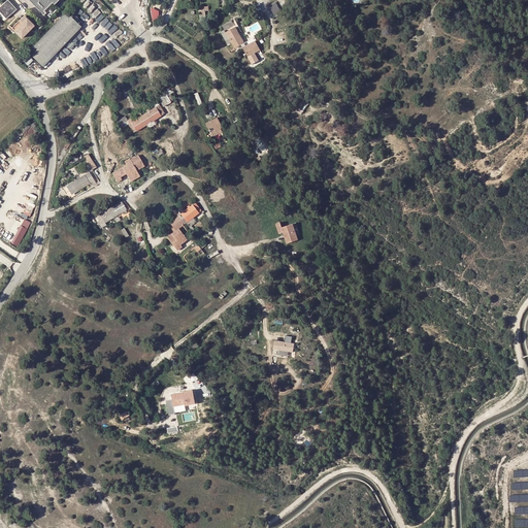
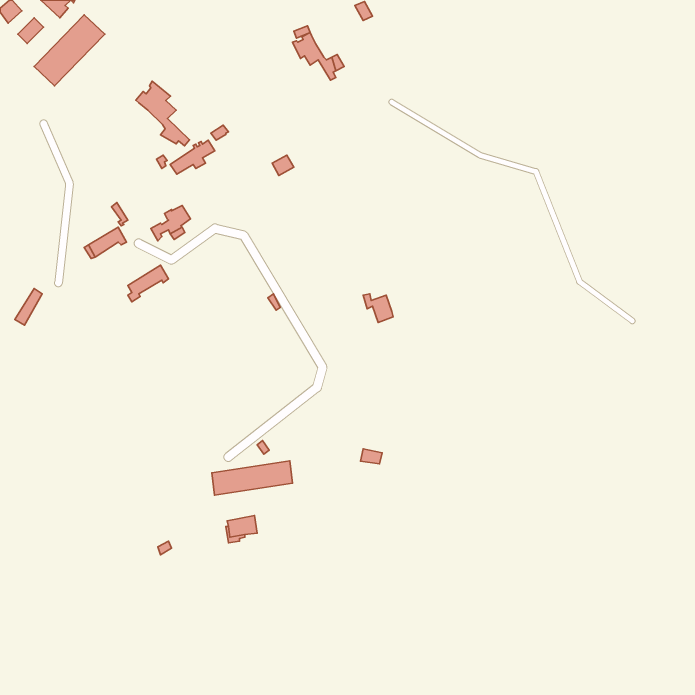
building: none -> [136,81,189,146]
building: [167,203,201,246] -> none
building: none -> [212,461,293,495]

